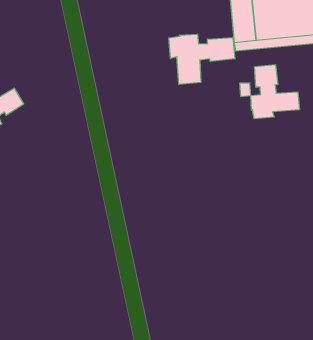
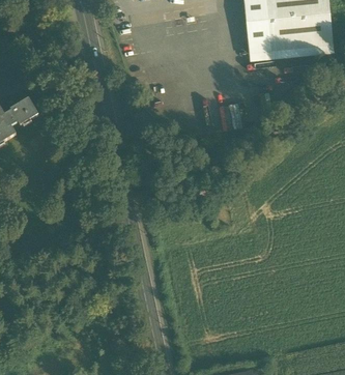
building: [169,34,235,85] -> none
building: [251,65,299,119] -> none

